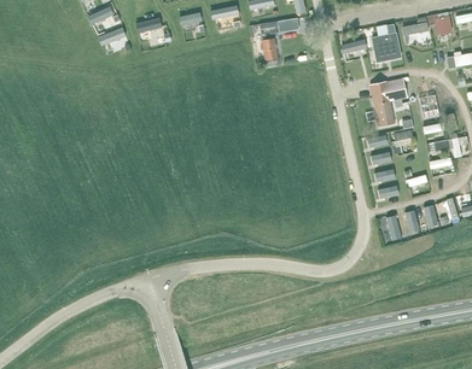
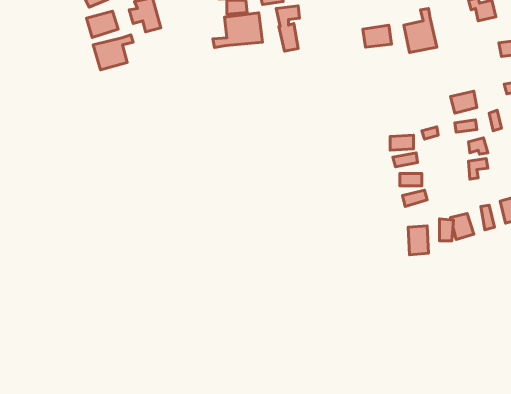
building: none -> [213,13,262,48]
building: none -> [93,35,133,70]
building: [377,78,414,128] -> none

